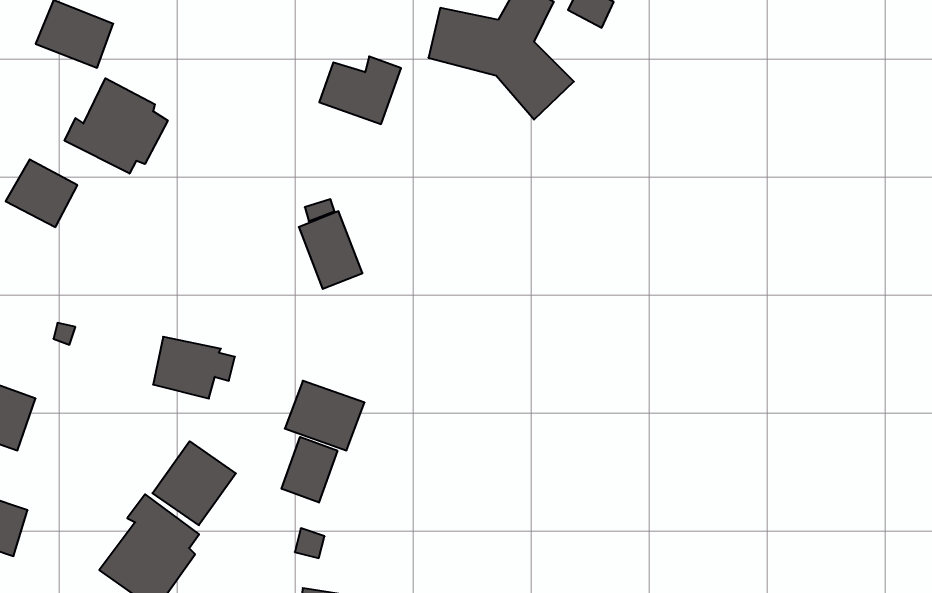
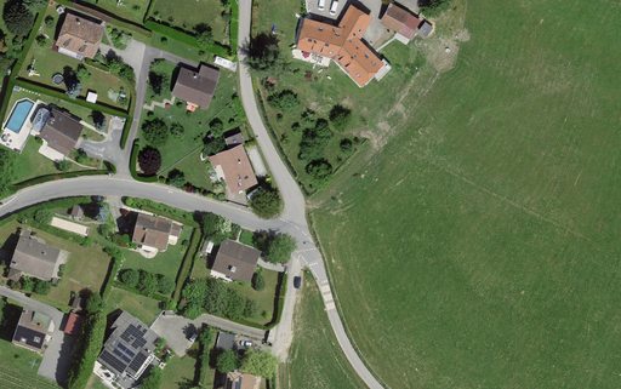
building: [319,56,401,124] -> [173,64,223,105]
building: [65,78,168,174] -> none
building: [282,437,337,503] -> none
building: [152,441,236,525] -> none

